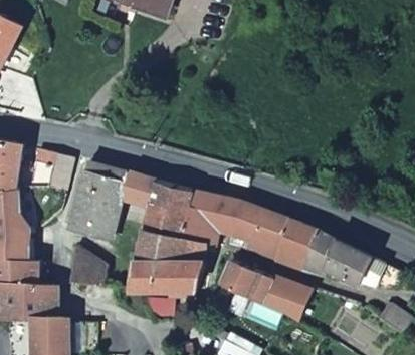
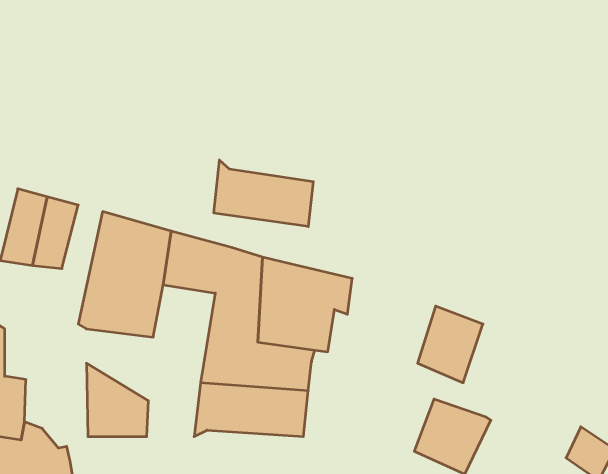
building: none -> [214,160,313,227]
building: [235,204,289,256] -> none
building: [306,232,374,283] -> none
building: [233,261,288,310] -> none

